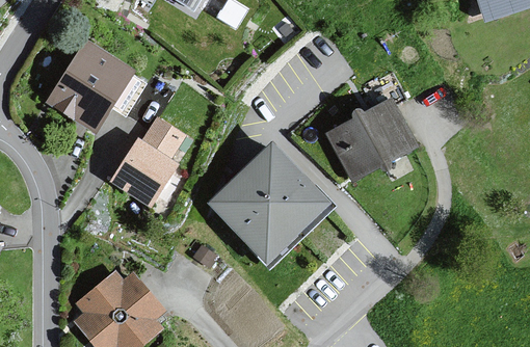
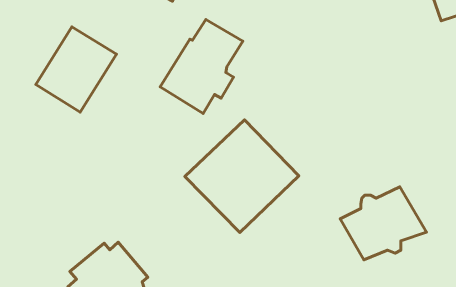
building: [329,105,424,185] -> [340,187,426,260]
building: [107,110,197,213] -> [160,19,243,113]

